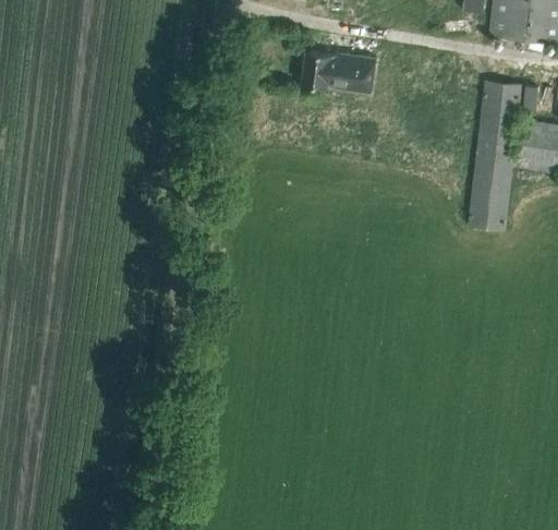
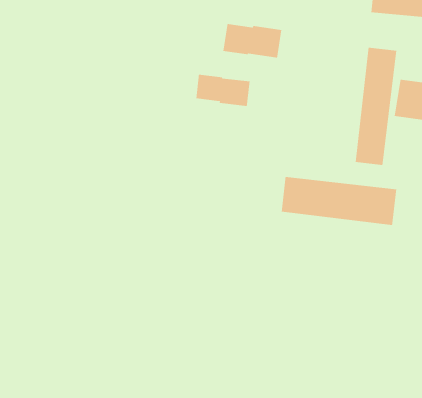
building: none -> [196,74,250,107]
building: none -> [281,176,397,226]

